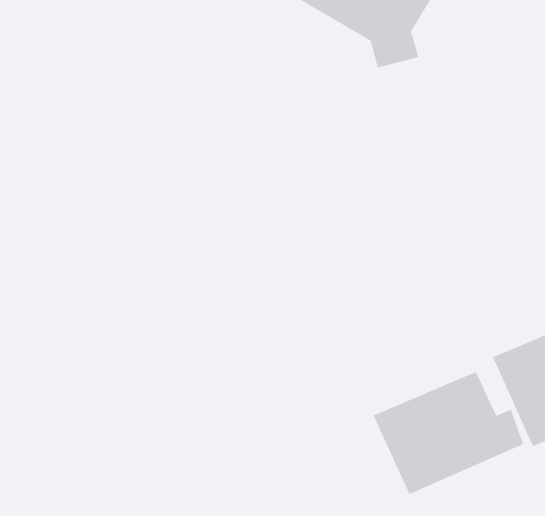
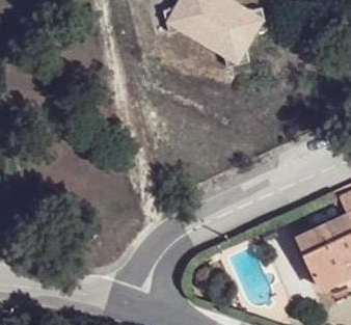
building: [373,371,524,495] -> none

